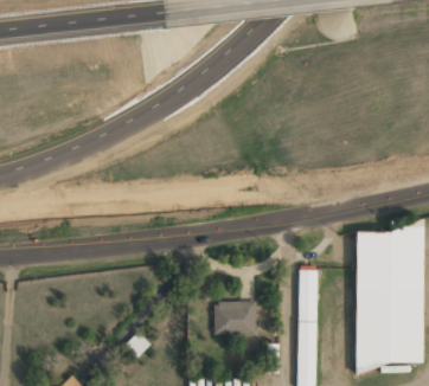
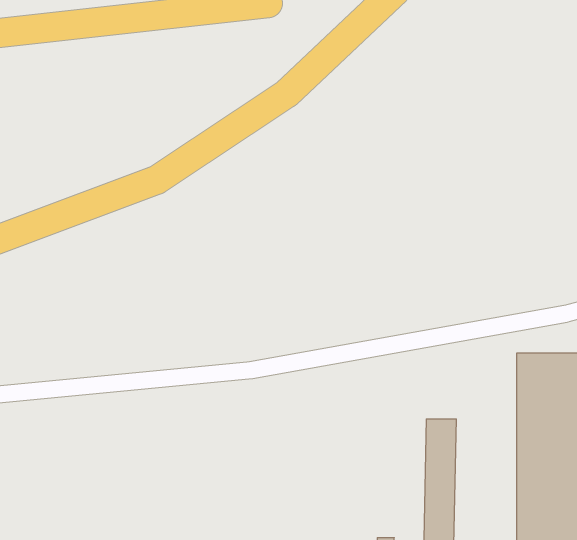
building: [213,301,257,335] -> none

